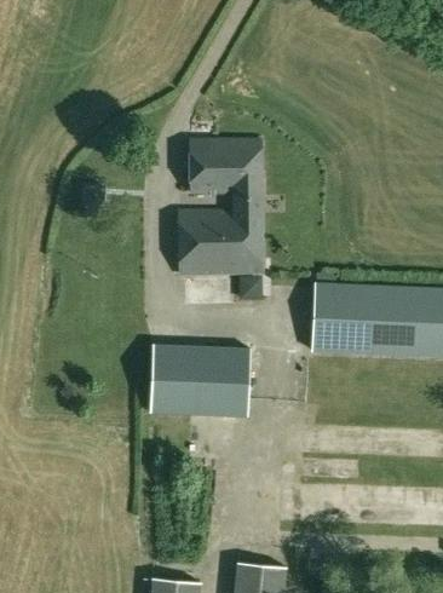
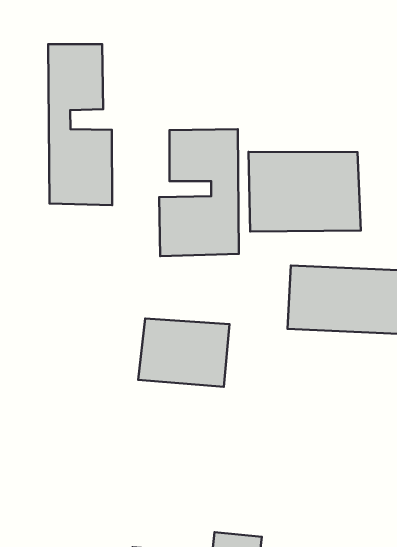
building: none -> [48,44,112,205]
building: none -> [248,152,361,231]

